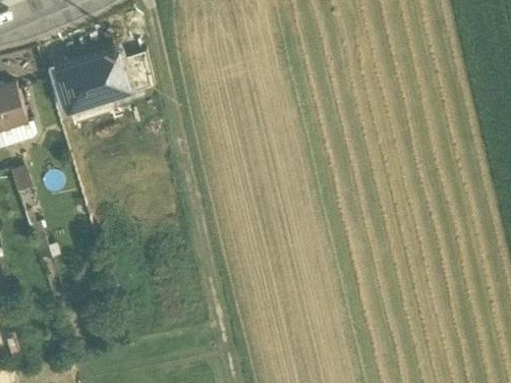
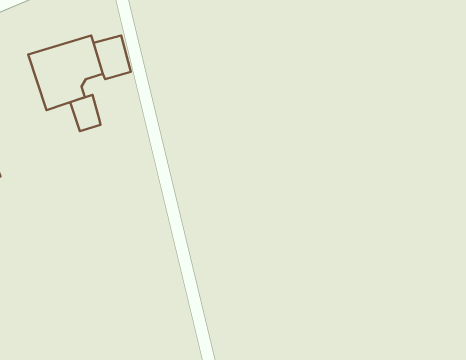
building: none -> [70,95,100,131]

